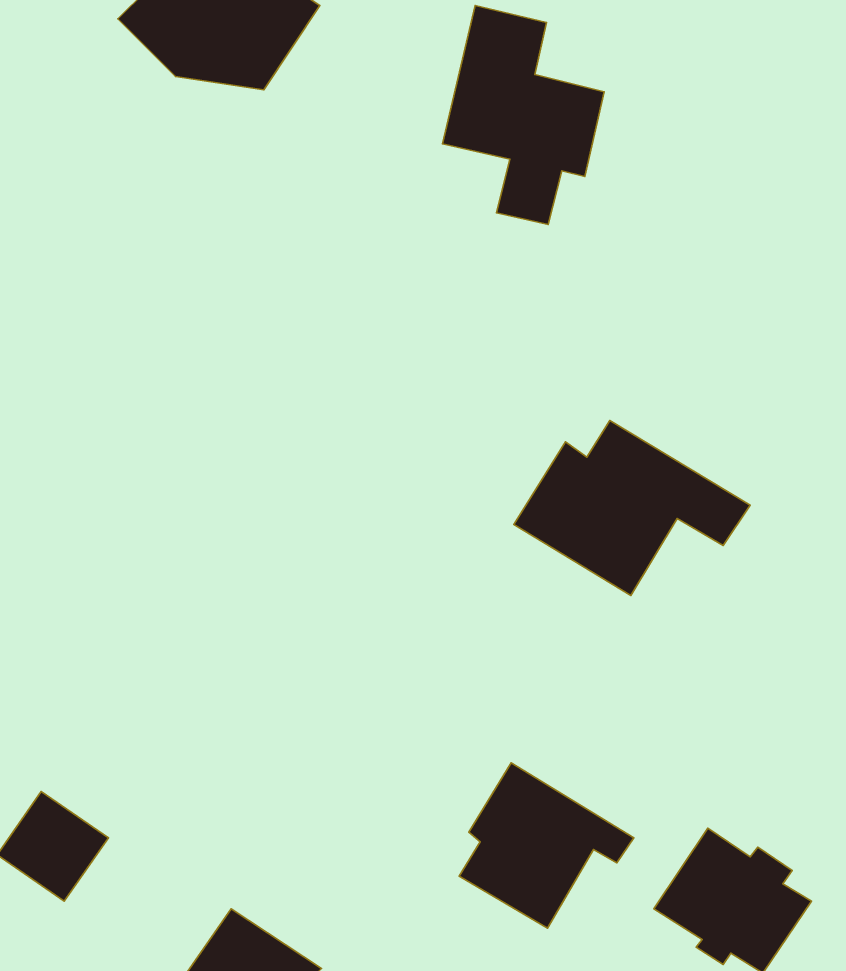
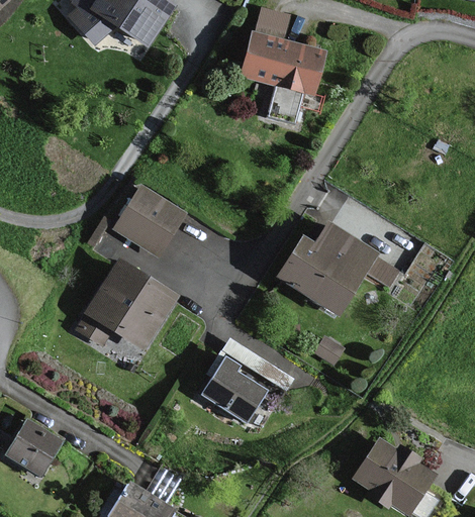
building: none -> [114,185,187,258]
building: none -> [74,258,178,349]
building: [459,763,634,928] -> [201,335,293,422]

